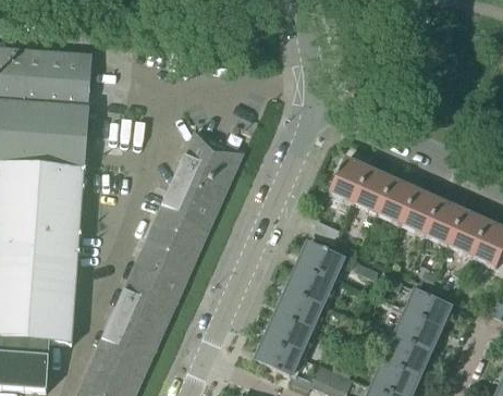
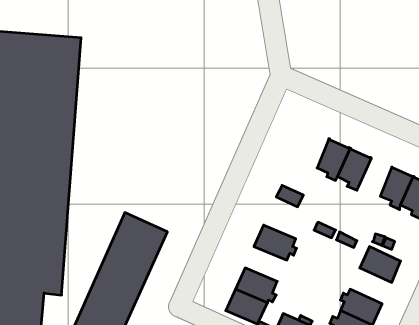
building: [142,132,243,272] -> none
building: [331,157,370,205] -> none
building: [404,189,441,236] -> none
building: [297,240,344,280] -> none
building: [277,288,323,327] -> none
building: [394,312,441,352] -> none

